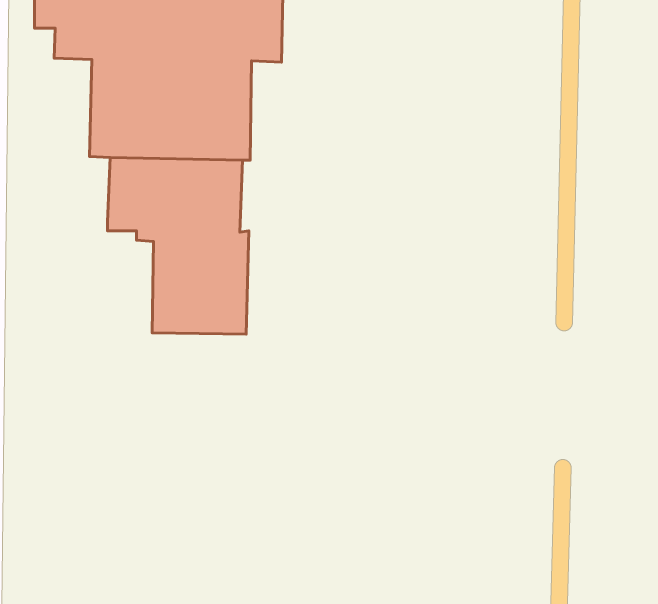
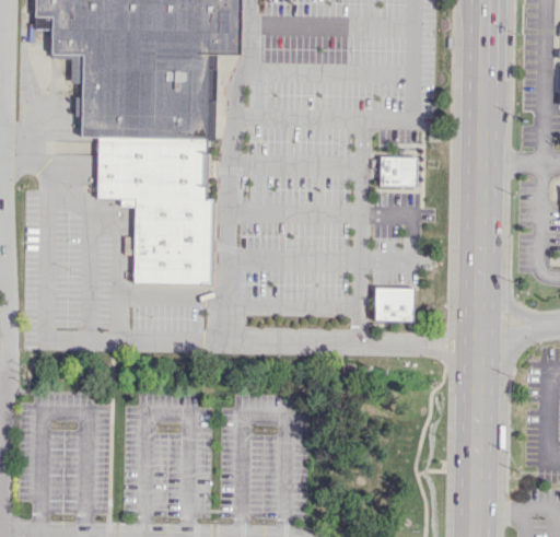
building: none -> [378,156,416,186]
building: none -> [374,285,415,320]

